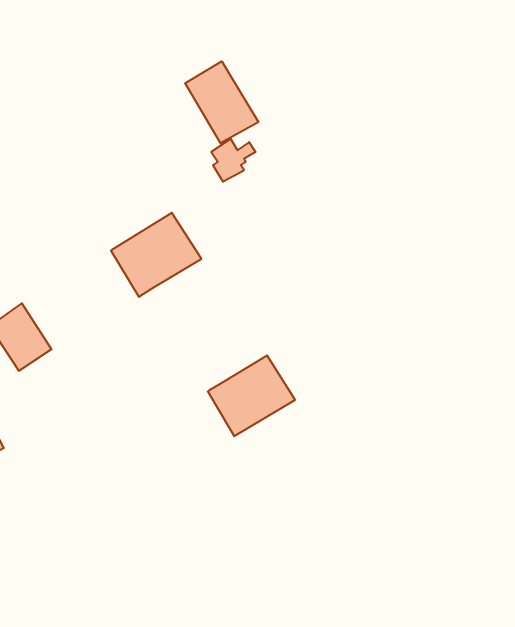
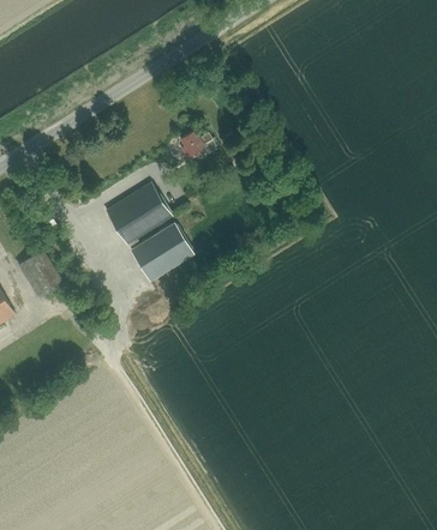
building: [185,61,258,143] -> none
building: [208,355,295,436] -> [131,222,194,281]

